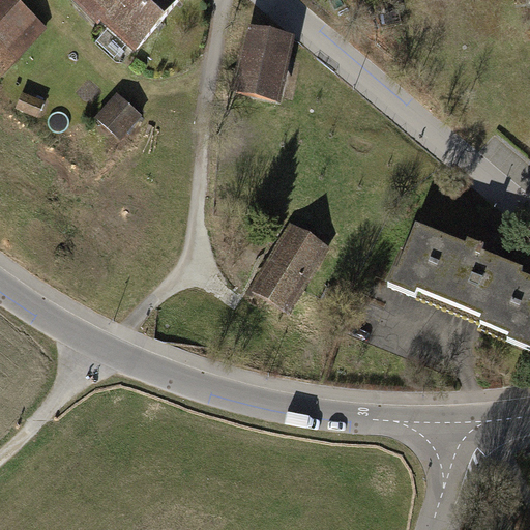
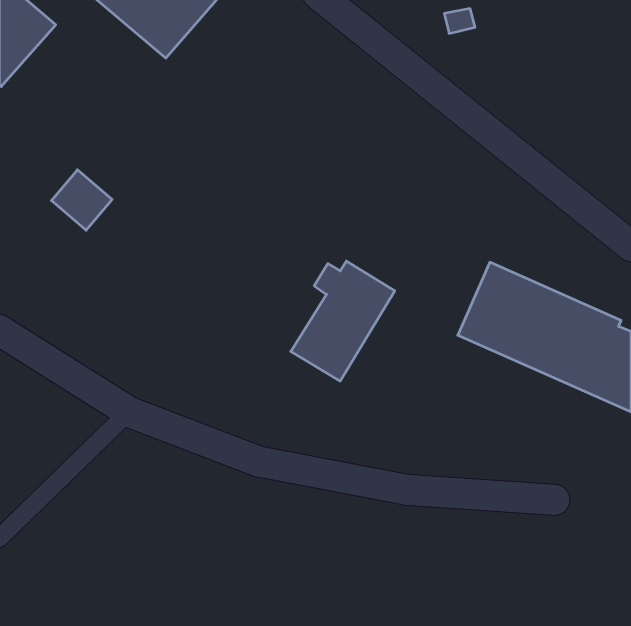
building: [238,26,297,100] -> none
building: [95,89,146,140] -> [51,170,112,230]

